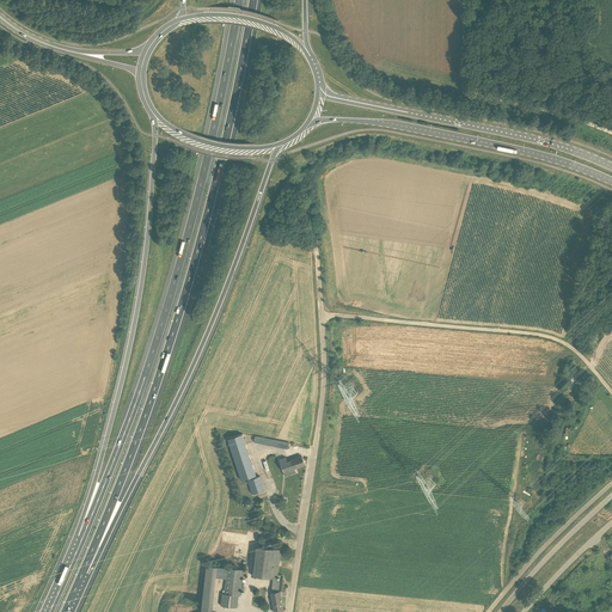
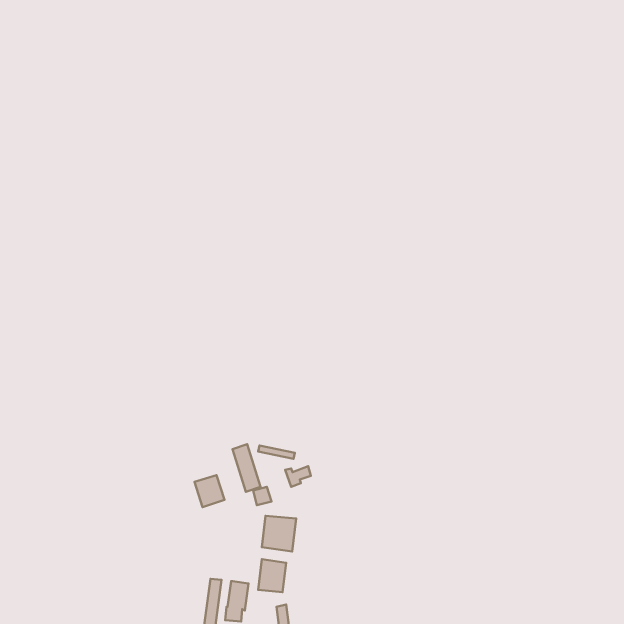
building: none -> [194,475,224,507]
building: none -> [262,516,296,551]

